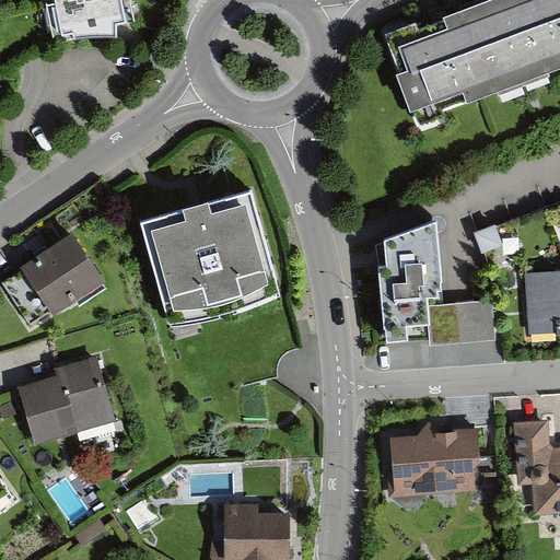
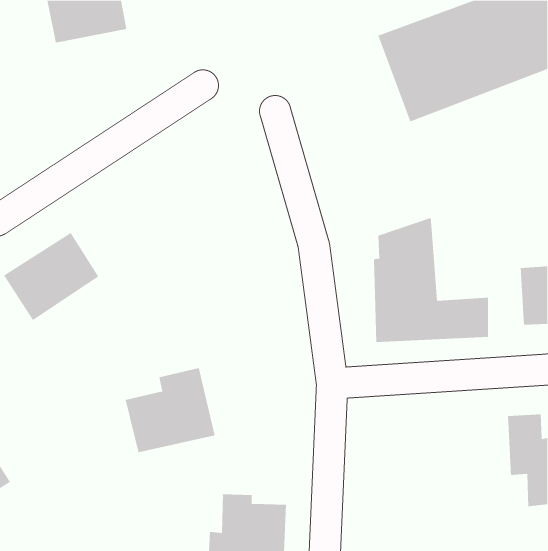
building: [143,190,278,319] -> none
building: [21,354,113,441] -> [125,368,216,453]
building: [384,420,478,498] -> none

